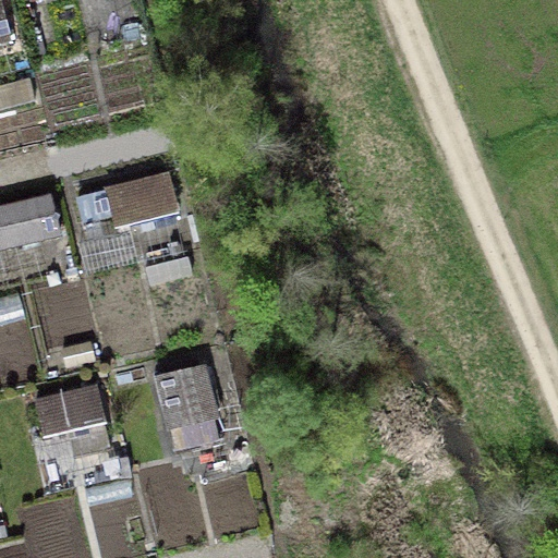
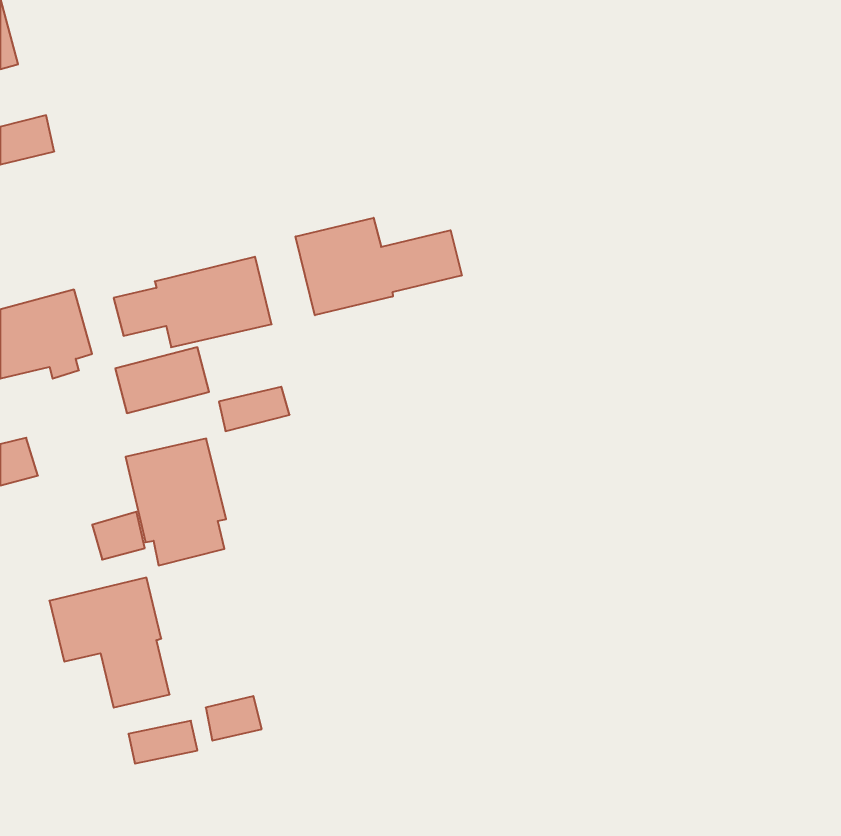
building: none -> [296,218,462,315]
building: [153,364,219,448] -> [126,439,226,565]

